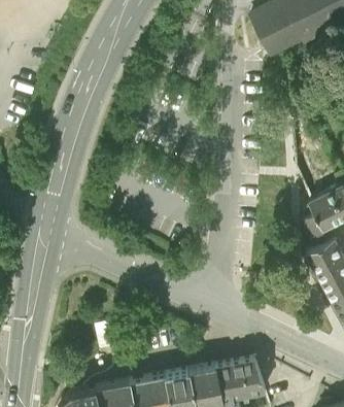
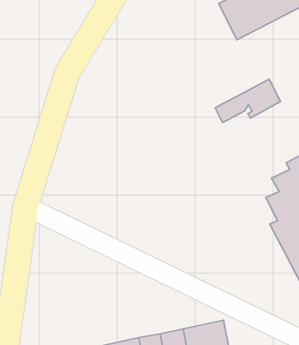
building: none -> [215,79,281,123]

